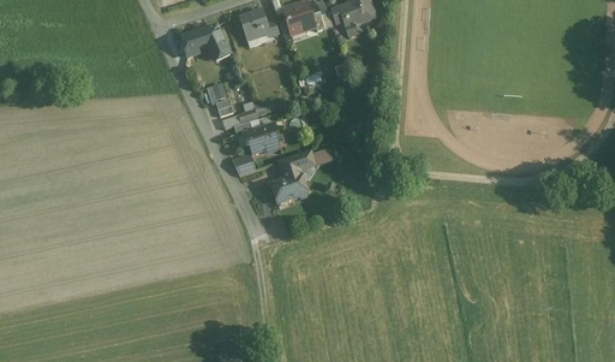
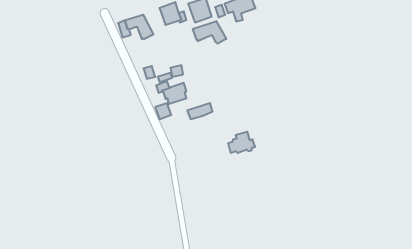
building: none -> [193,21,226,44]
building: [273,170,311,200] -> [228,132,255,153]

